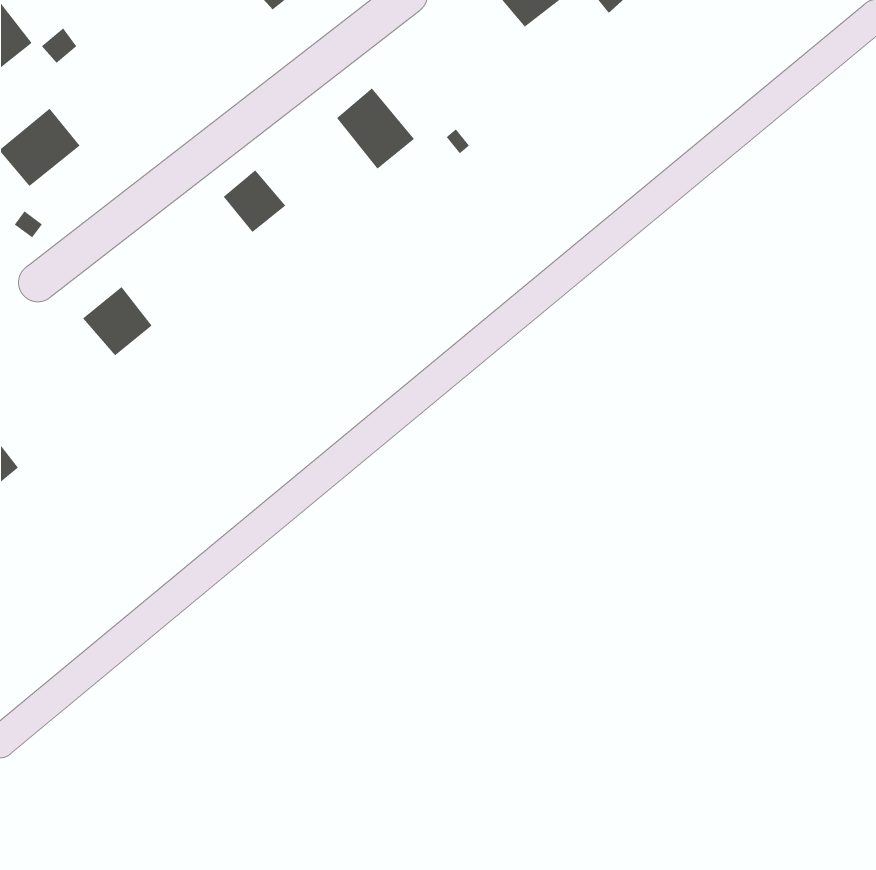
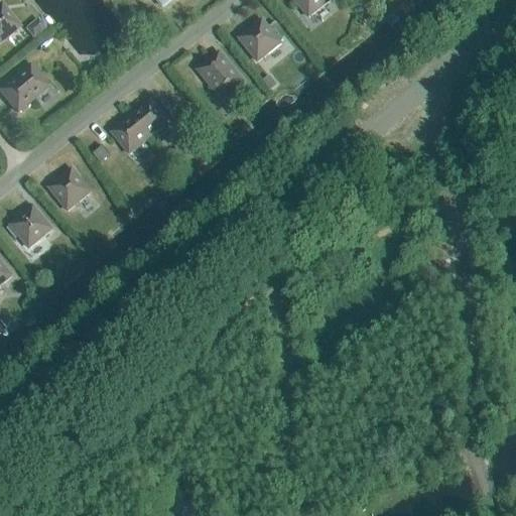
building: none -> [239,19,282,60]
building: none -> [112,116,148,153]
building: none -> [10,206,51,247]

